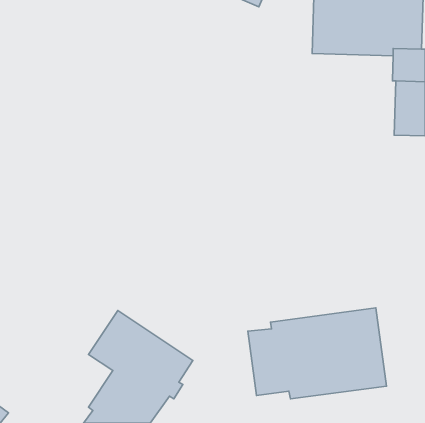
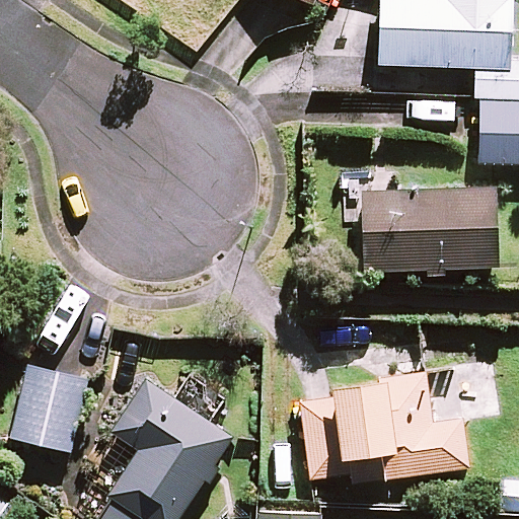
building: none -> [363,188,493,278]
building: none -> [12,363,91,450]

